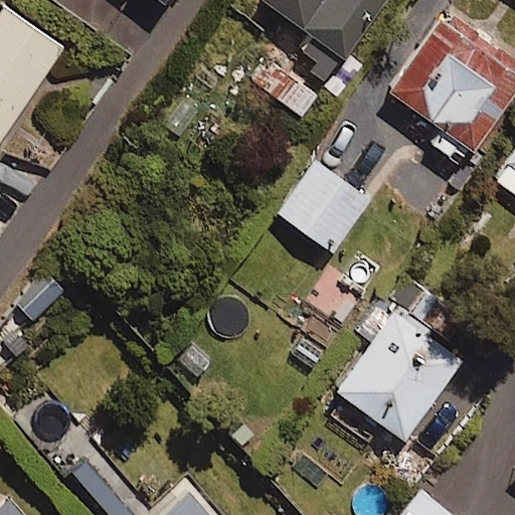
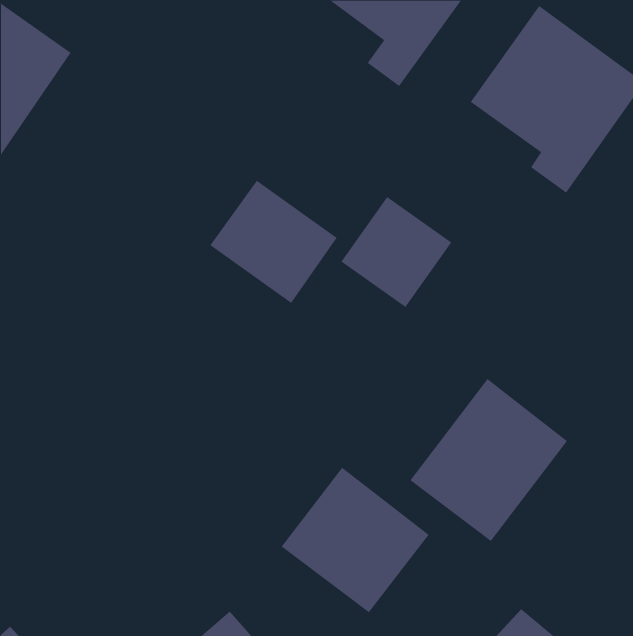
building: none -> [209,180,338,304]
building: none -> [281,467,429,613]

